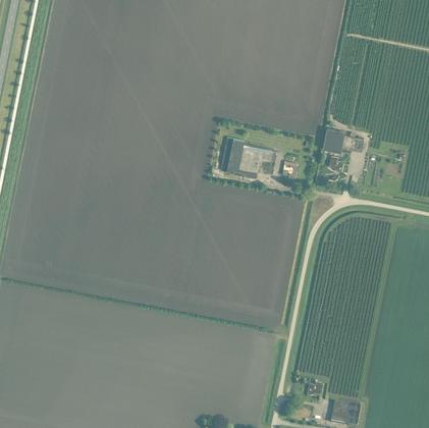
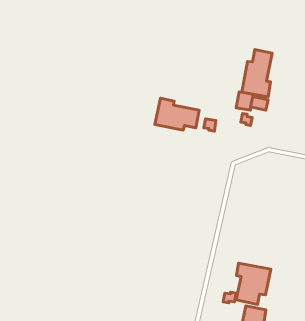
building: none -> [242,50,272,97]
building: none -> [236,263,271,304]

